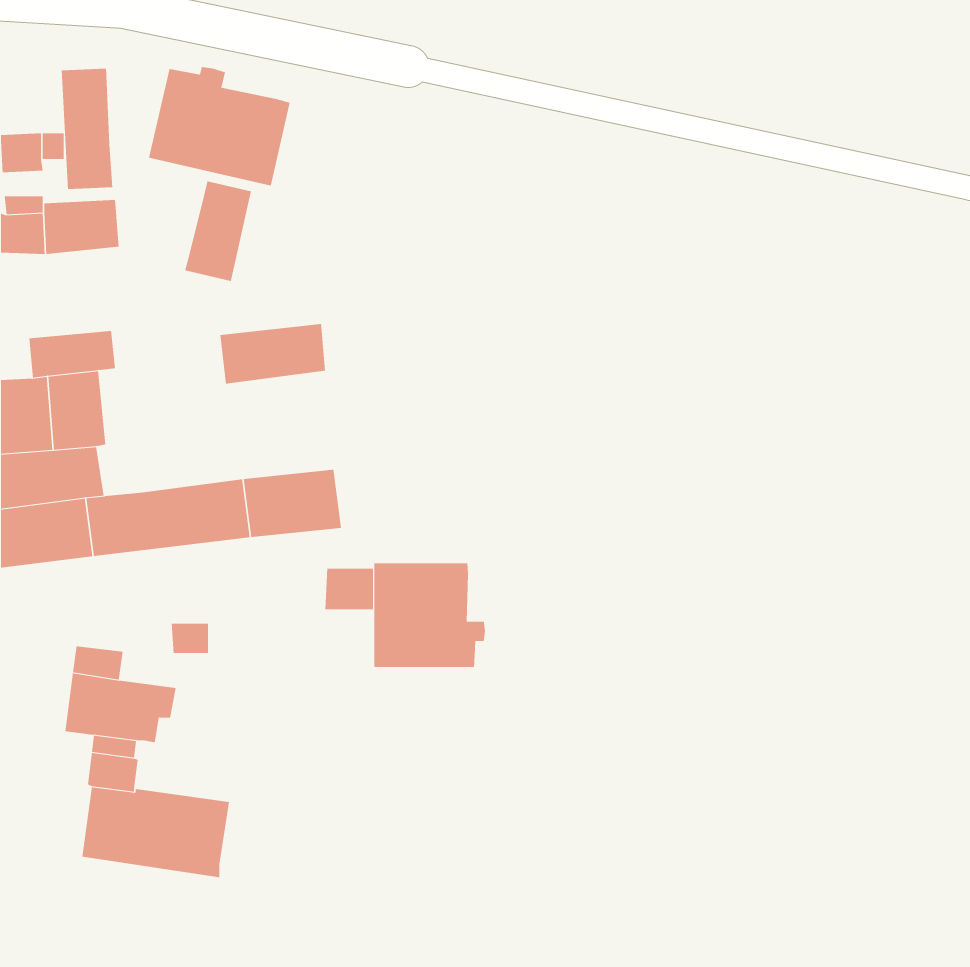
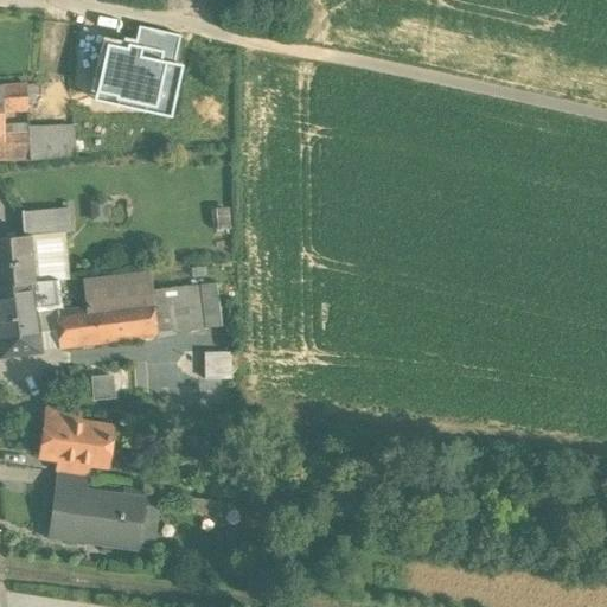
building: none -> [134,25,179,62]
building: [61,68,113,190] -> none
building: [185,180,252,282] -> none
building: [219,323,326,384] -> [85,269,152,307]
building: [374,562,486,668] -> none

